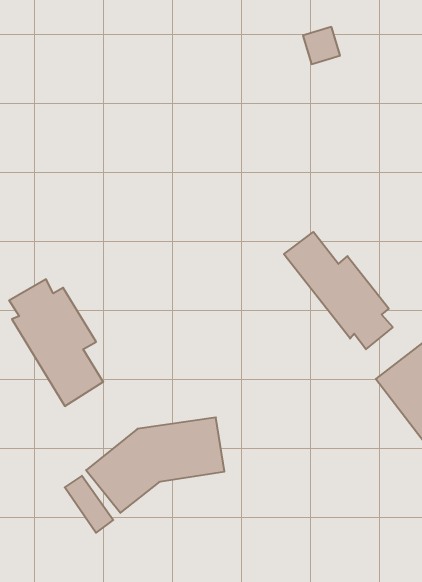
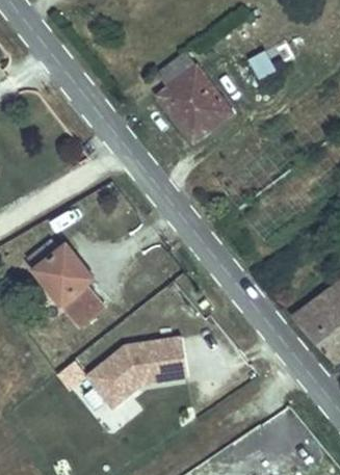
building: none -> [162,57,231,135]
building: [284,232,393,349] -> none

